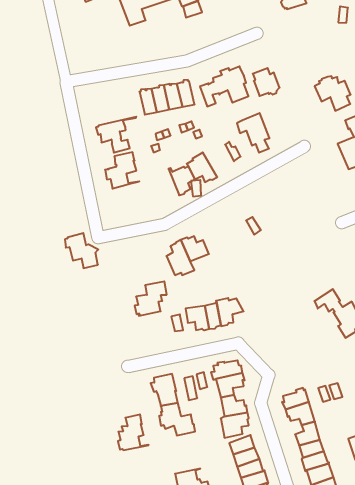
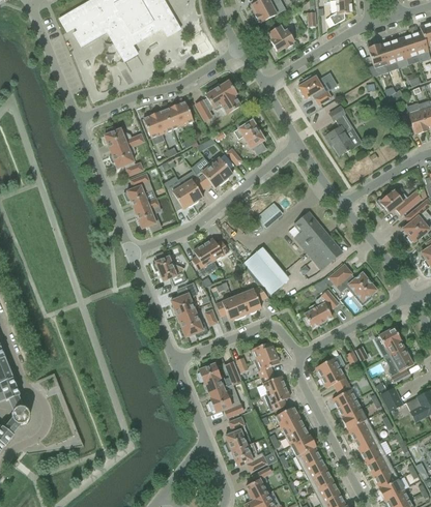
building: [253,68,280,96] -> [268,26,294,52]
building: none -> [103,126,144,154]
building: none -> [208,154,234,182]
building: none -> [168,182,194,210]
building: none -> [134,198,162,232]
building: none -> [294,212,342,270]
building: [65,233,98,268] -> [153,256,186,287]
building: none -> [245,248,287,294]
building: none -> [176,309,207,337]
building: none -> [304,290,339,327]
building: [118,414,149,450] -> [225,417,254,451]

